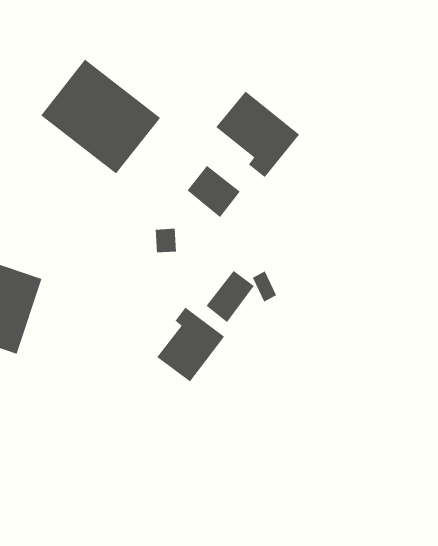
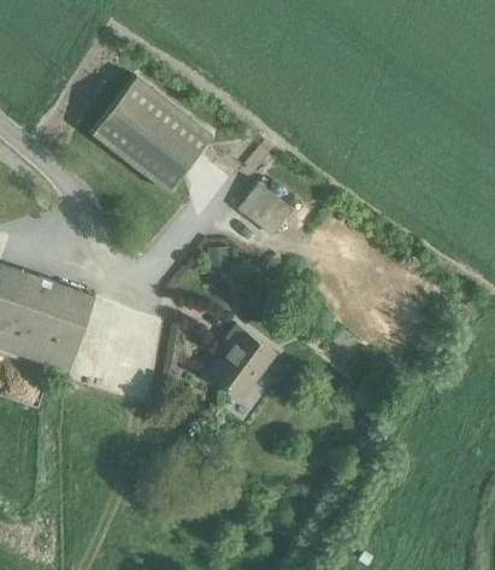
building: [215,90,300,178] -> none
building: [206,270,255,323] -> none

